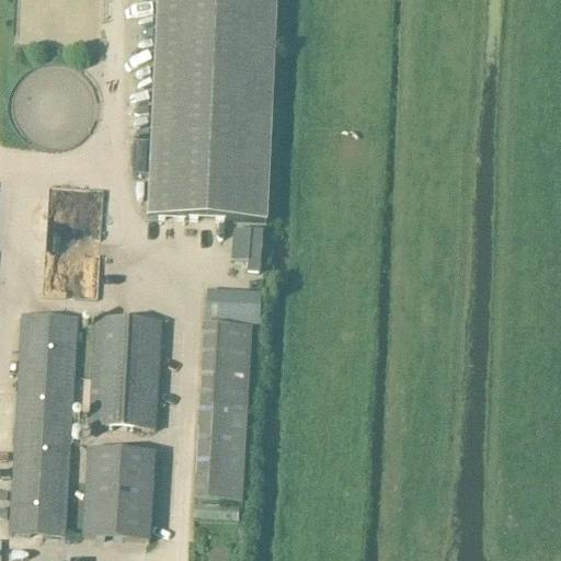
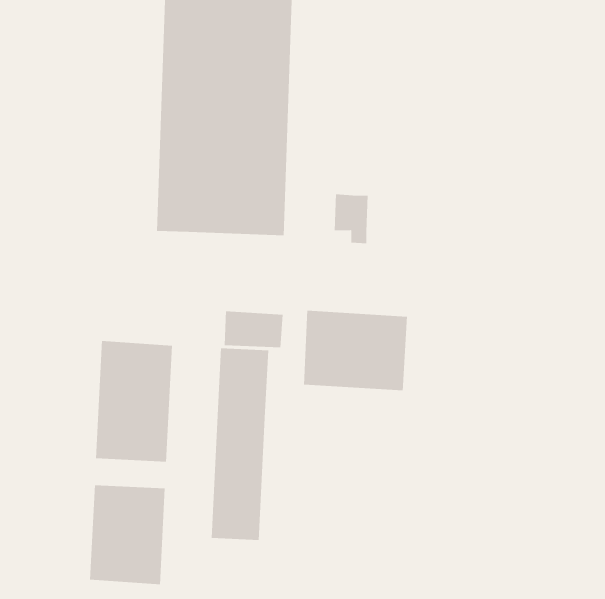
building: [233,222,265,268] -> [334,194,369,244]
building: none -> [304,310,408,391]
building: [12,311,80,534] -> none

